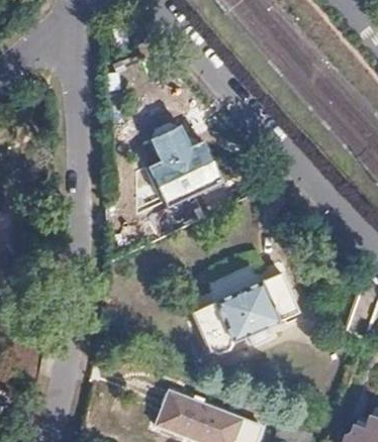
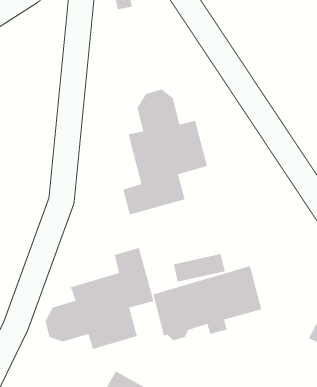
building: none -> [45,247,154,350]

